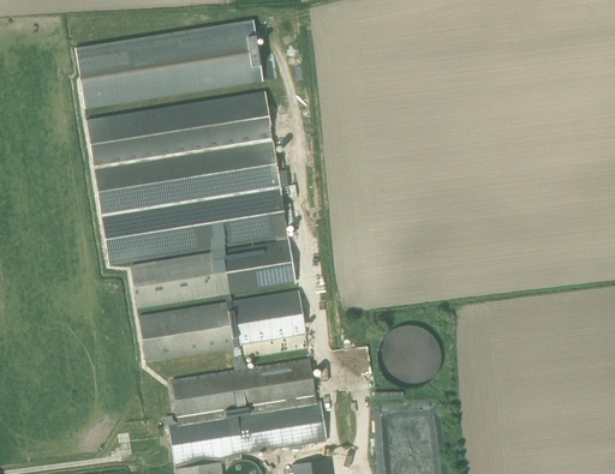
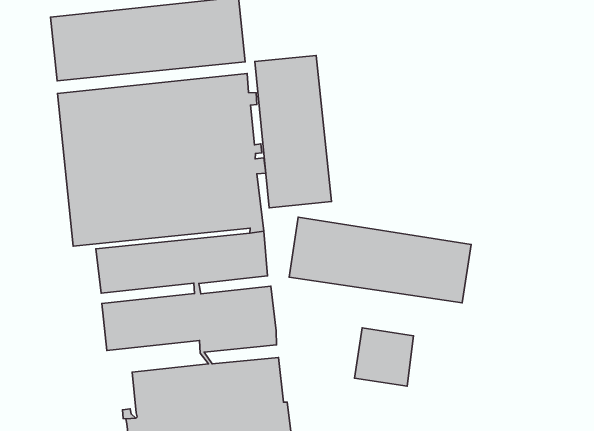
building: none -> [255,56,331,208]
building: none -> [289,217,471,303]

